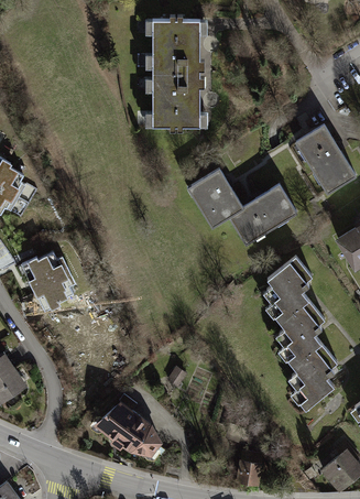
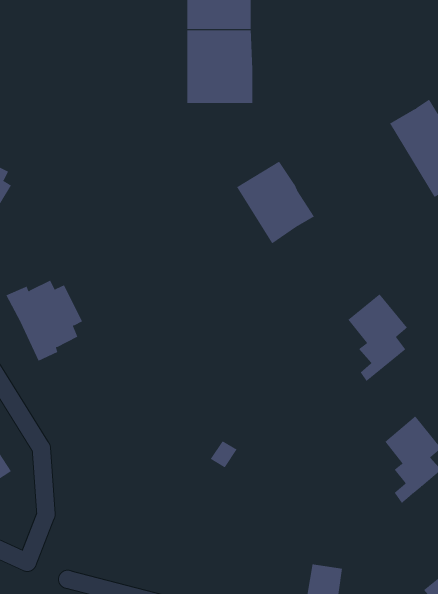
building: [230,183,296,241] -> none
building: [280,305,321,367] -> none
building: [92,402,162,459] -> none

